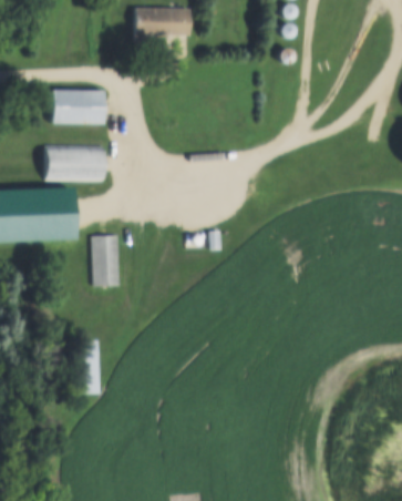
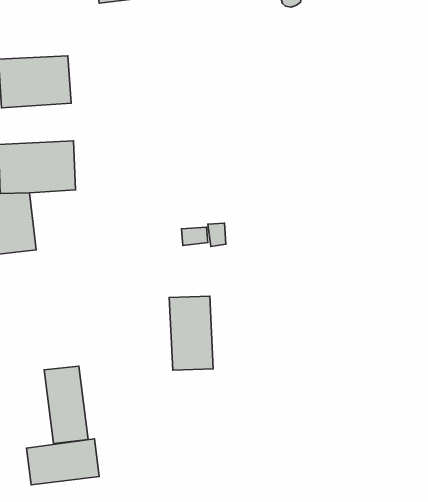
building: [92,227,125,286] -> [169,296,213,370]
building: none -> [27,439,99,485]

